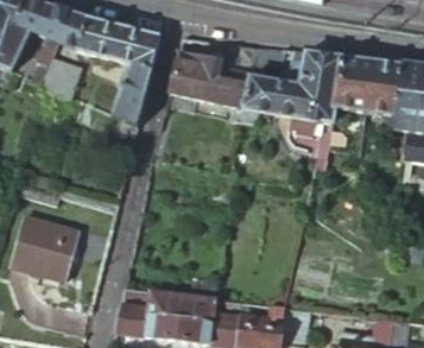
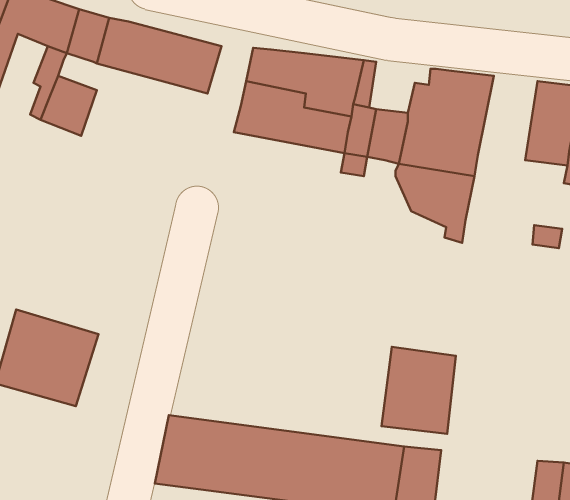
building: [335,56,375,113] -> none
building: [110,62,152,127] -> none
building: none -> [382,347,456,434]

